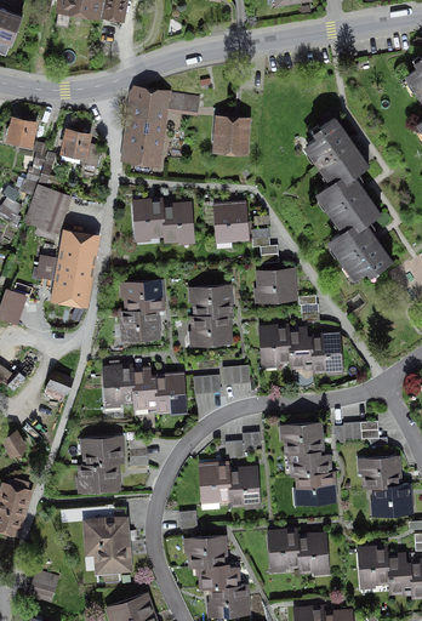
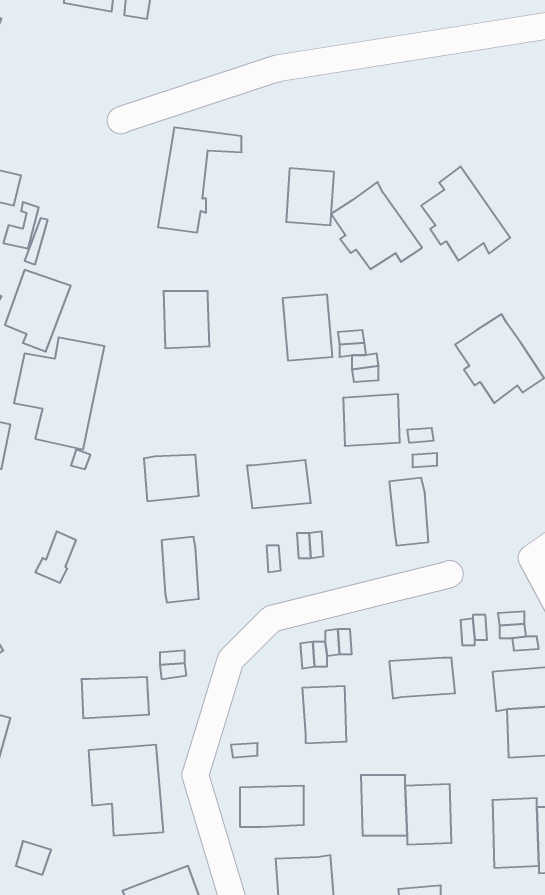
building: [62,130,99,165] -> none
building: [319,169,381,228] -> [331,182,422,269]
building: [162,204,194,245] -> none
building: [125,281,166,314] -> none
building: [190,285,233,320] -> none
building: [258,326,290,366] -> none
building: [310,336,340,378] -> none
building: [101,365,133,410] -> none
building: [154,374,188,417] -> none
building: [278,423,323,454] -> none
building: [80,438,124,466] -> none
building: [198,463,229,506] -> none
building: [295,475,337,506] -> none
building: [199,565,238,589] -> none

